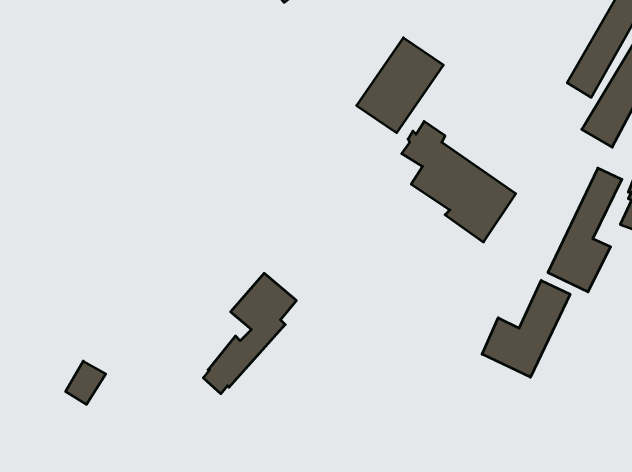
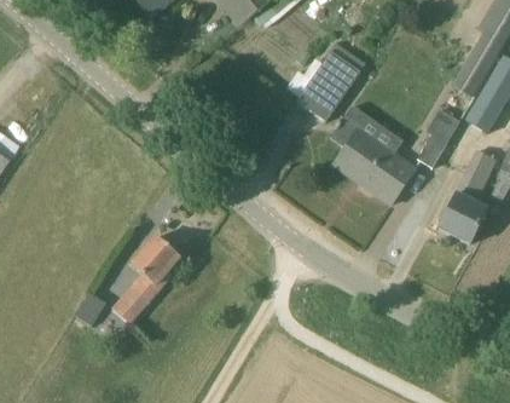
building: none -> [416,108,458,167]
building: [203,273,296,394] -> [110,236,180,327]
building: [482,280,570,377] -> none

